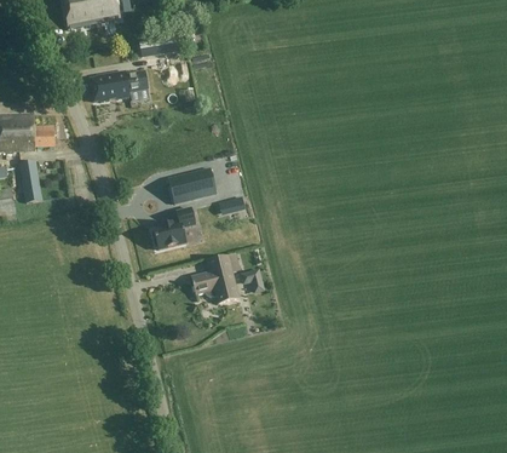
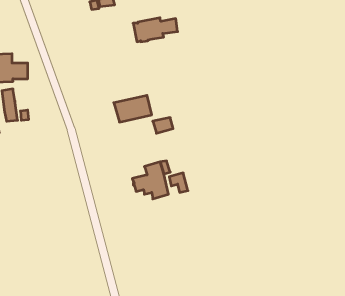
building: [90,70,148,102] -> [133,18,178,42]
building: [152,208,195,250] -> none

